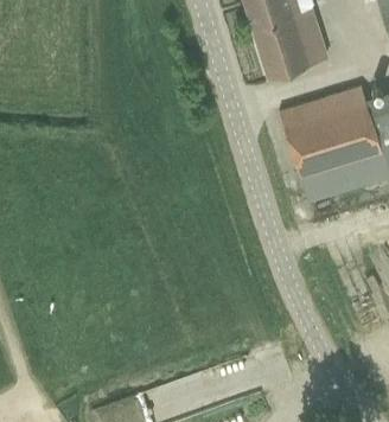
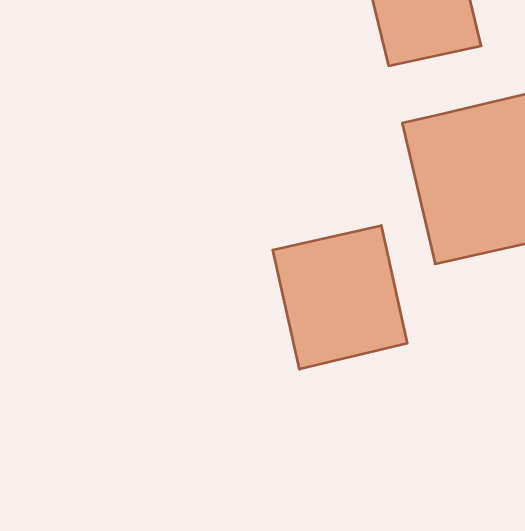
building: none -> [273,225,407,369]

